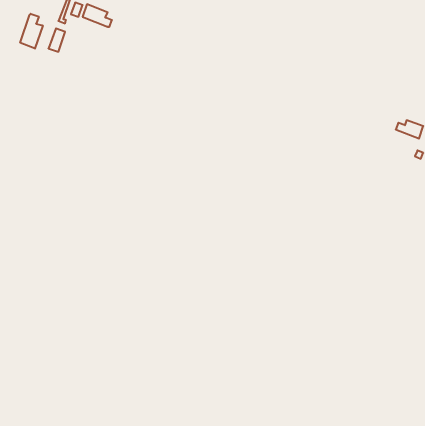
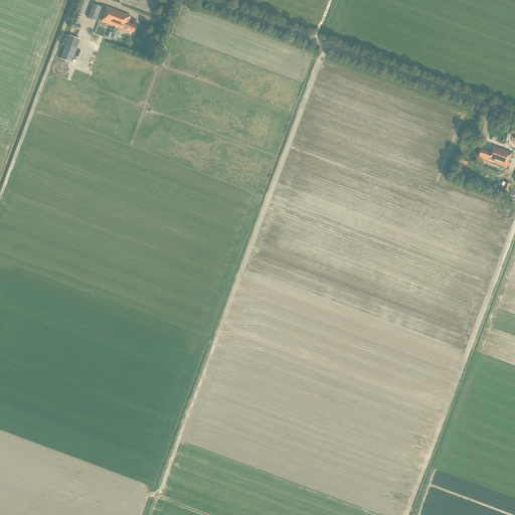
building: [20,14,43,49] -> none

